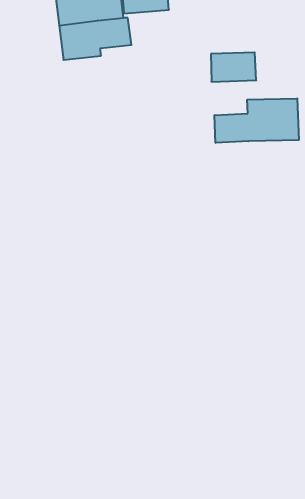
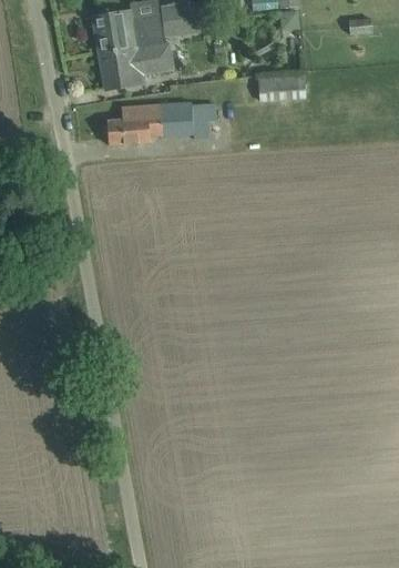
building: none -> [106,103,214,144]
building: [215,98,299,143] -> none

